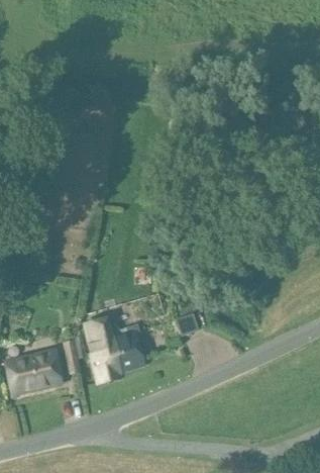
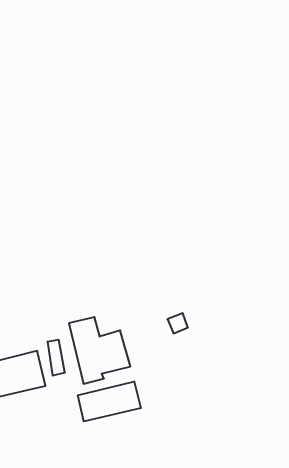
building: none -> [78,381,141,421]

